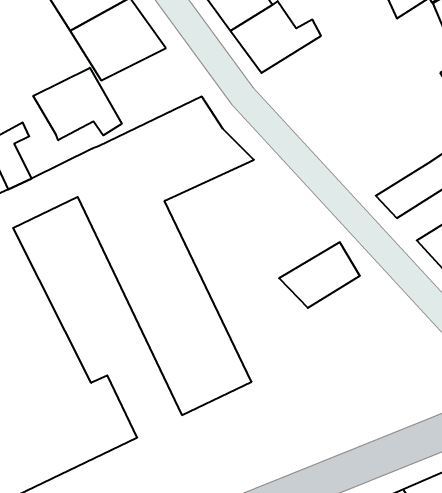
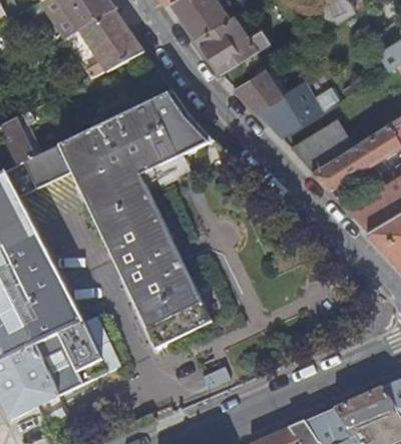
building: none -> [233,66,342,136]
building: [33,68,122,140] -> none
building: [279,242,360,308] -> [289,117,354,170]

